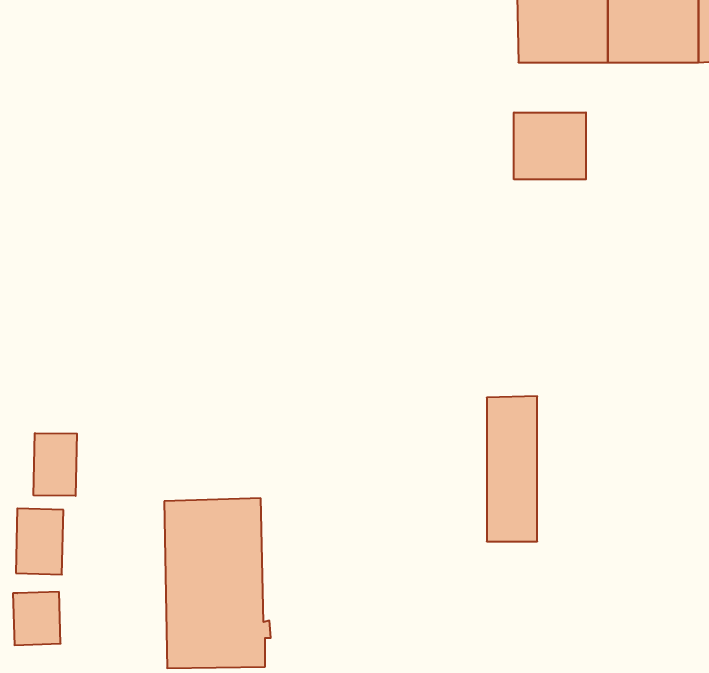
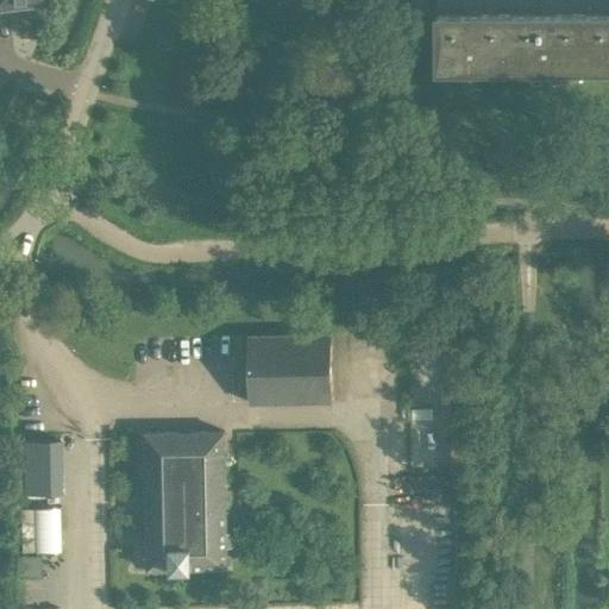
building: [514,112,586,179] -> none
building: none -> [249,338,332,408]
building: [34,433,77,496] -> none

